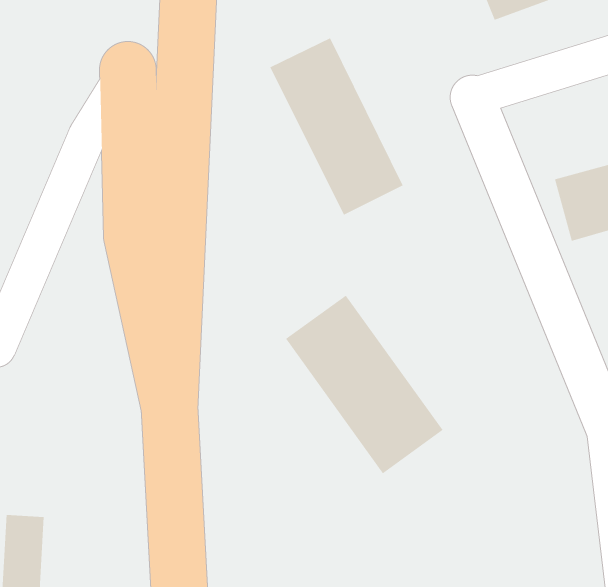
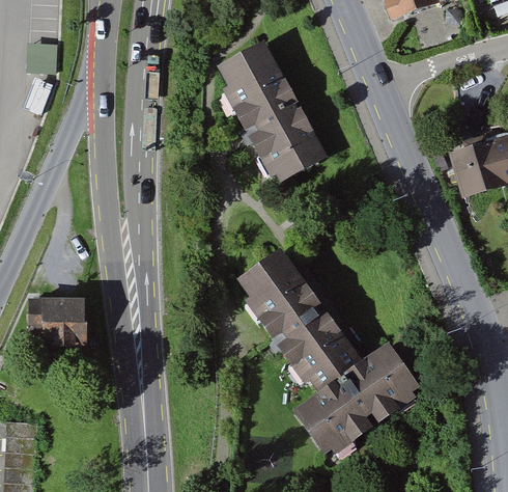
building: none -> [29,300,84,343]
building: none -> [290,343,420,460]

